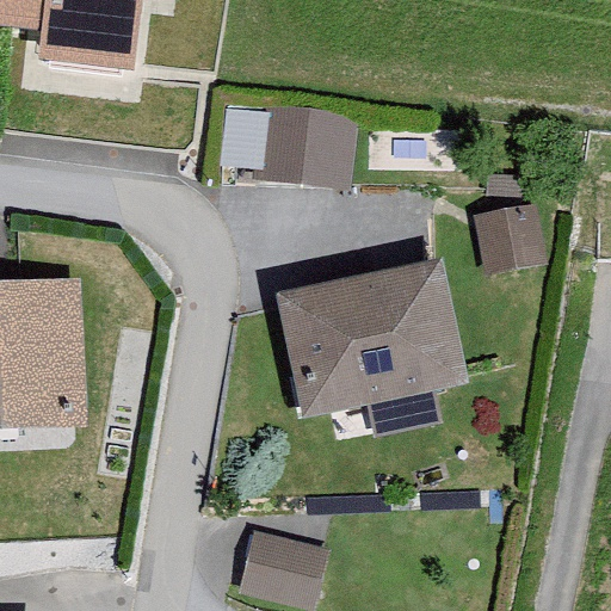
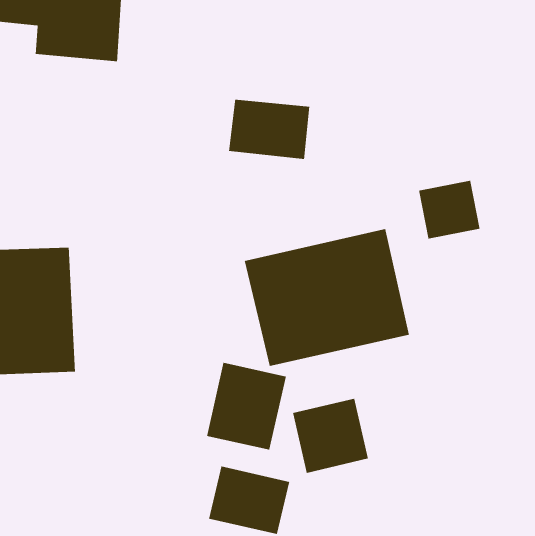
building: none -> [206,362,287,451]
building: none -> [292,398,369,474]

